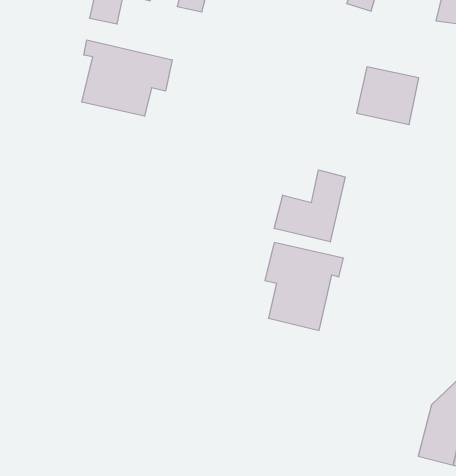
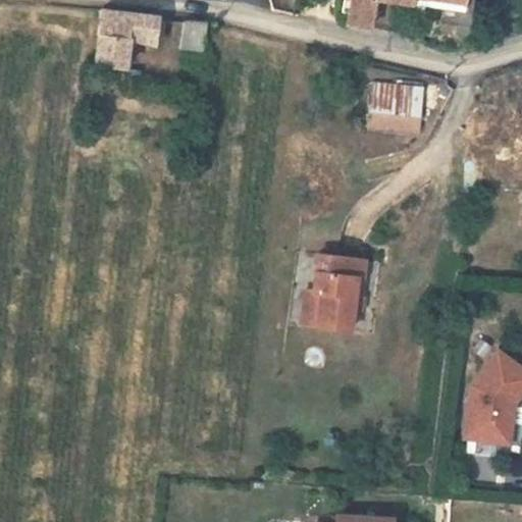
building: [82,40,172,116] -> none
building: [274,170,345,242] -> none

